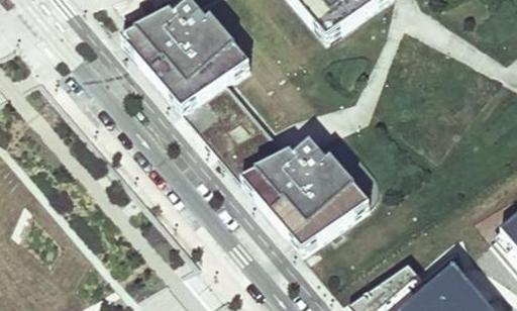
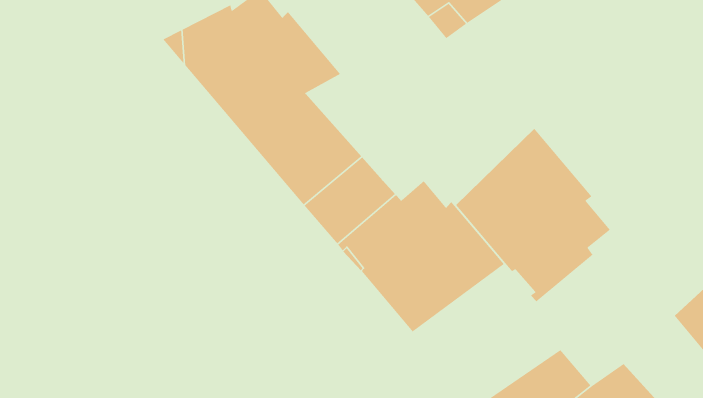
building: none -> [455,128,611,303]

